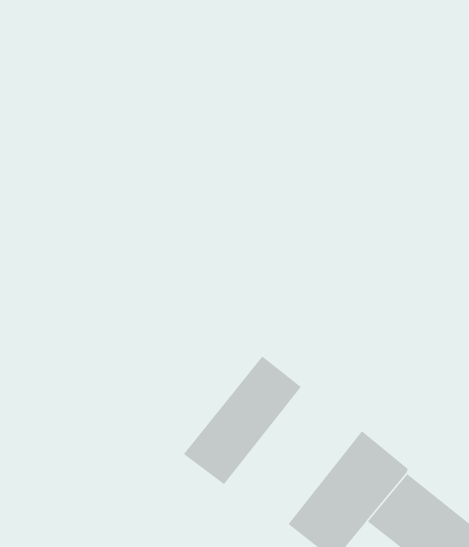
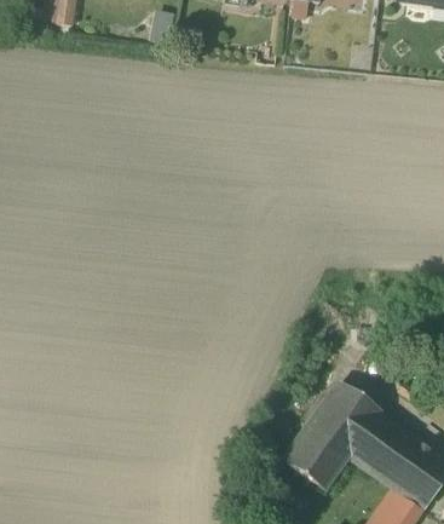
building: [183,355,302,485] -> none

